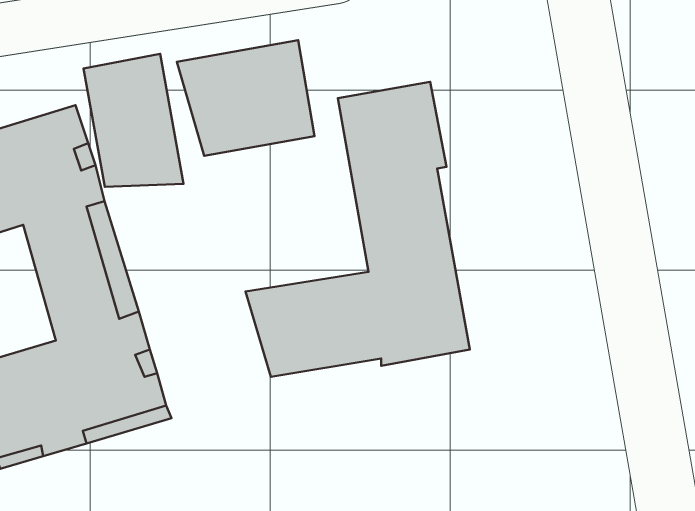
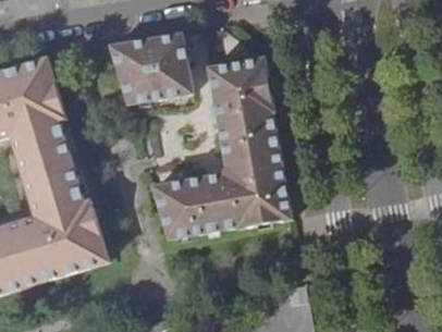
building: [84,54,184,187] -> none

